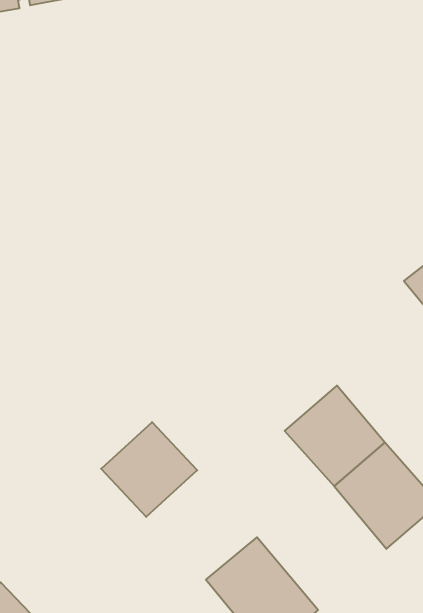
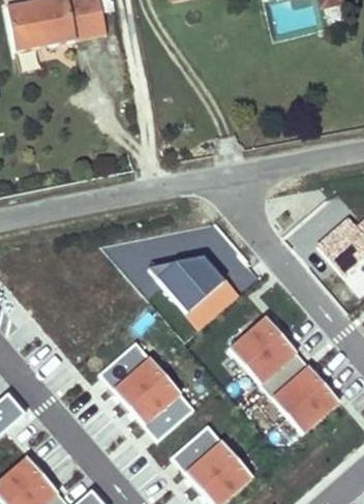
building: none -> [150,254,238,326]
building: none -> [131,376,196,441]

